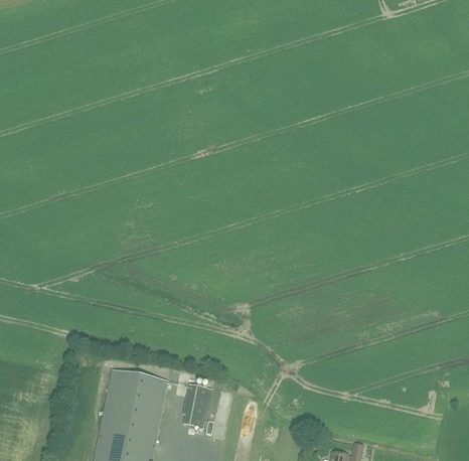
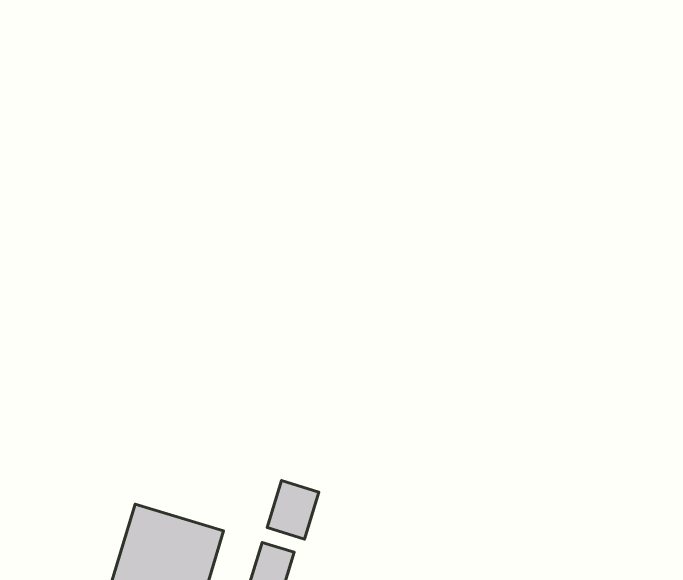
building: none -> [267,481,319,539]

